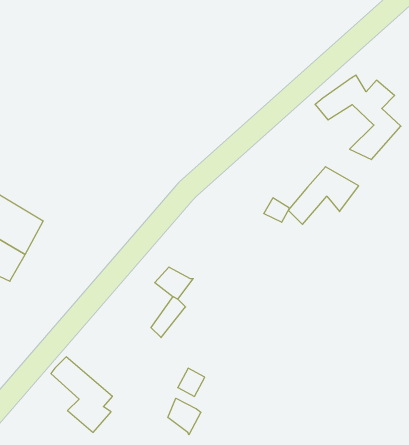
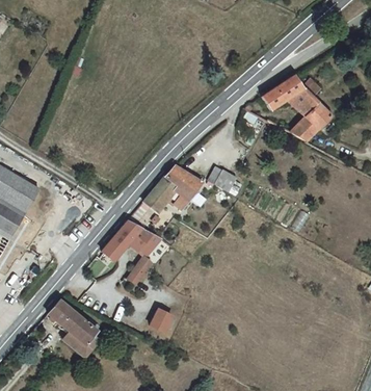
building: [288,167,359,224] -> [145,165,203,212]
building: none -> [104,220,142,262]
building: [168,398,201,435] -> none

